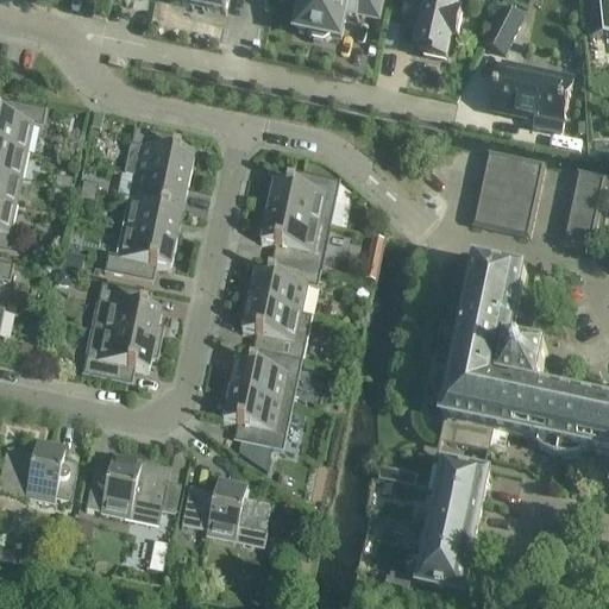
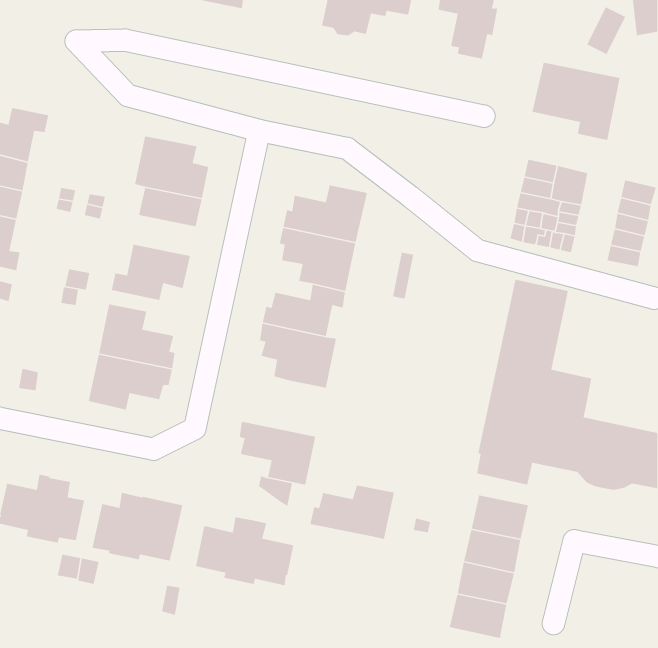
building: [484,5,521,50] -> [586,6,626,55]
building: [123,199,181,236] -> none
building: [222,351,301,402] -> [310,484,395,540]

